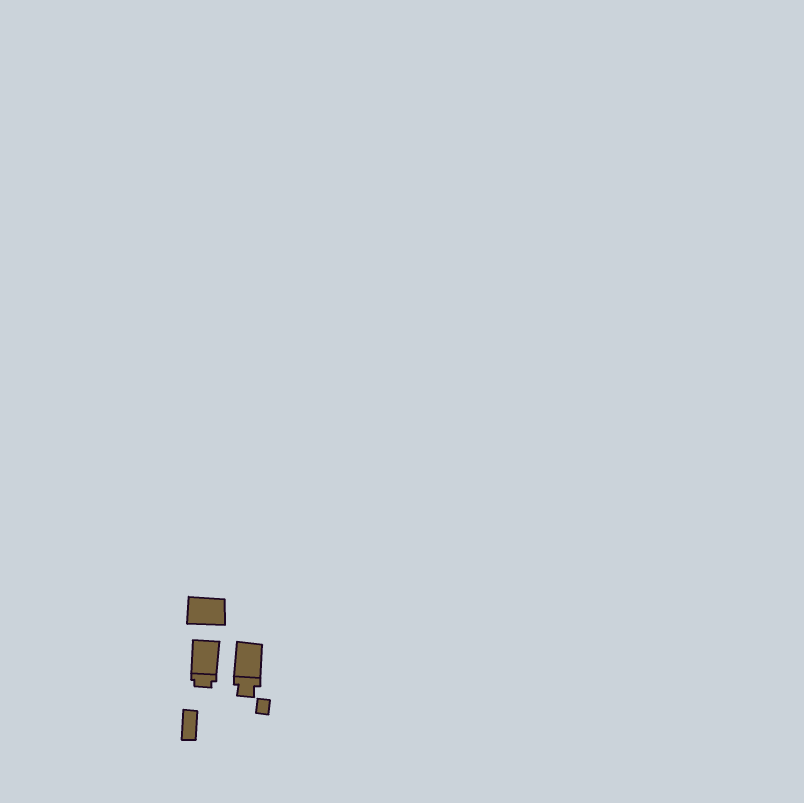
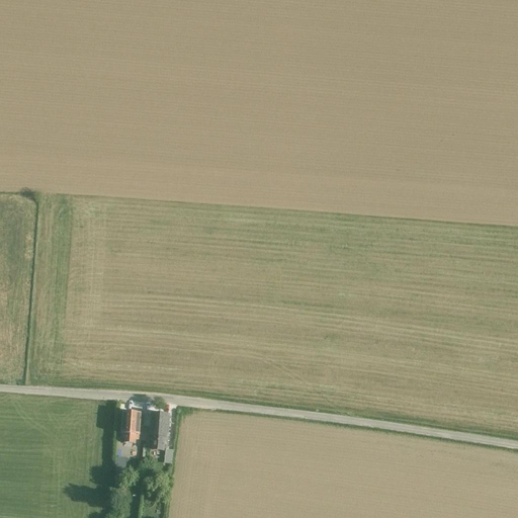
building: [187,597,225,625] -> none

